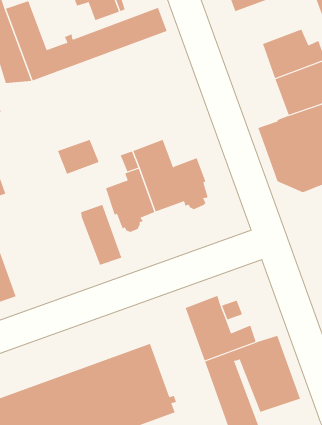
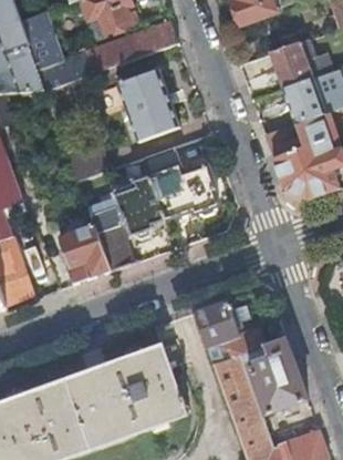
building: none -> [116,68,179,141]
building: none -> [58,223,111,284]

